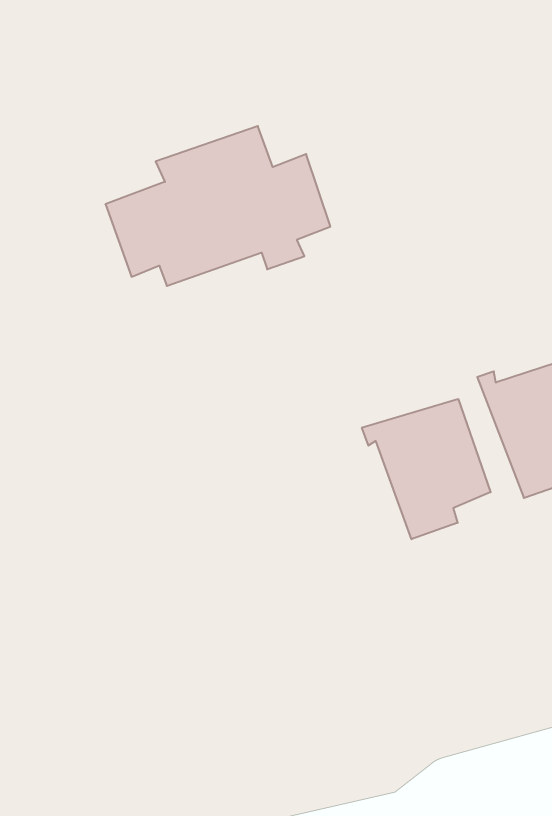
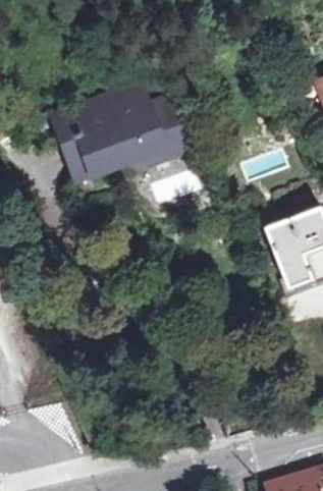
building: [362,399,491,539] -> none

